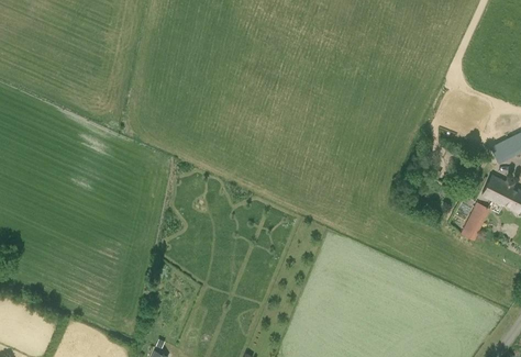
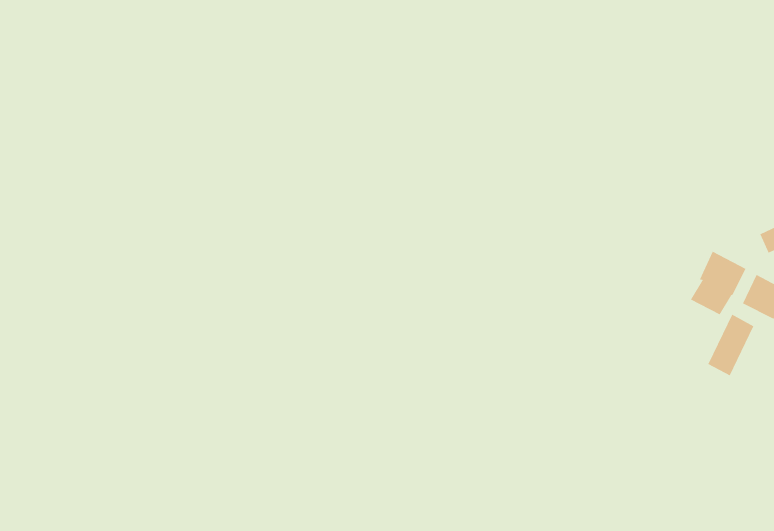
building: none -> [690,251,746,315]

